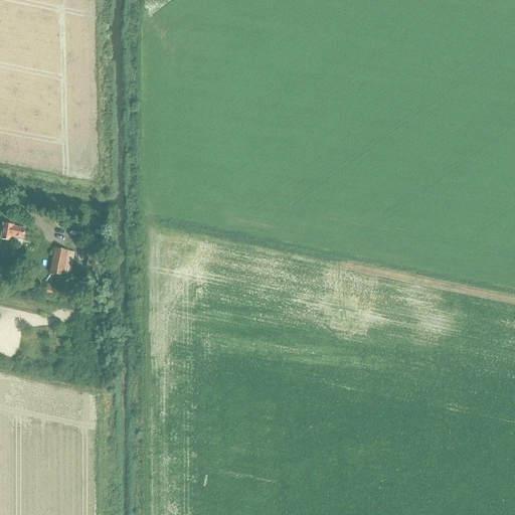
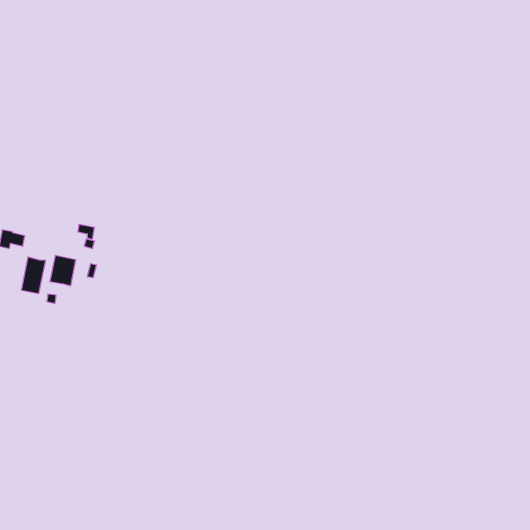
building: none -> [21,257,45,294]

